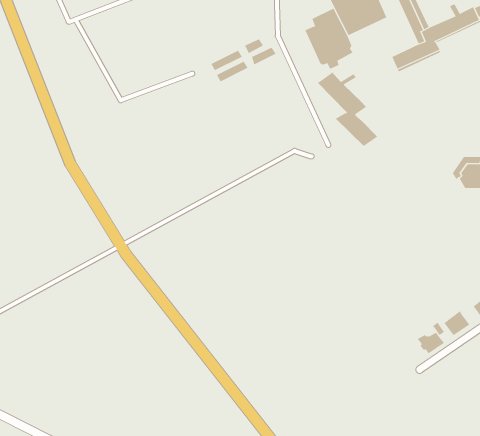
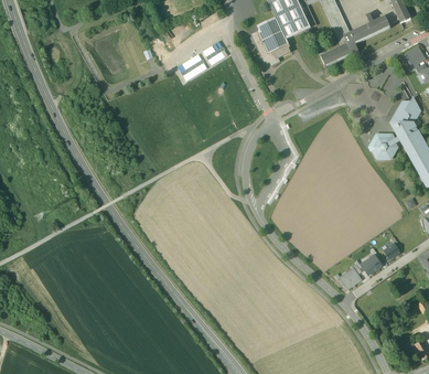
building: [317,71,378,147] -> none

